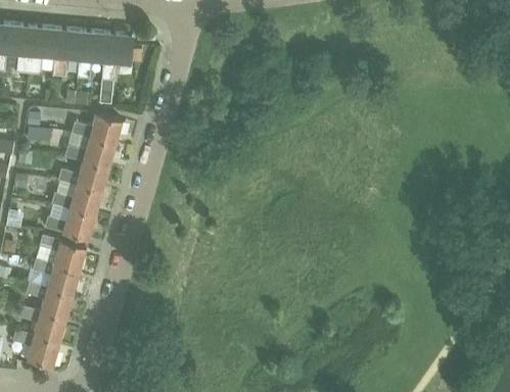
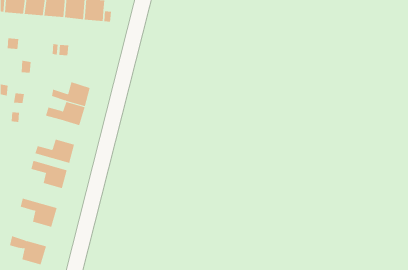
building: [71,114,122,147] -> none
building: [51,187,100,217] -> none
building: [32,260,79,296] -> none
building: [19,308,65,344] -> none

